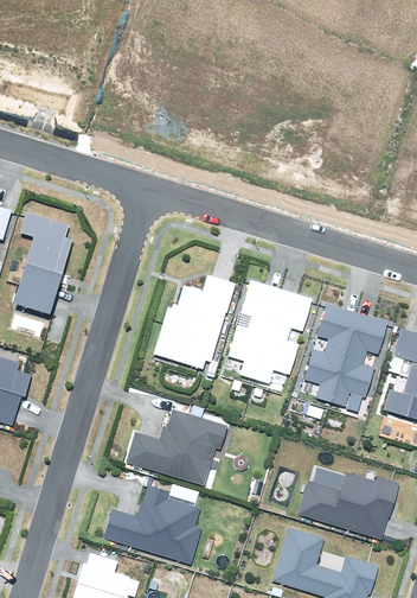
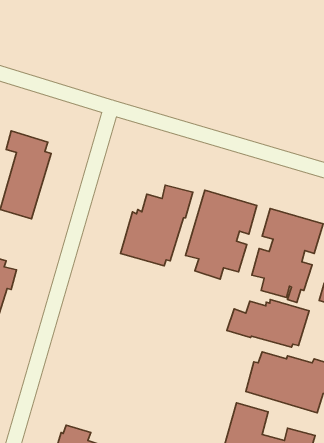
building: none -> [227,300,309,347]
building: [124,411,226,485] -> none
building: [102,484,200,564] -> none

